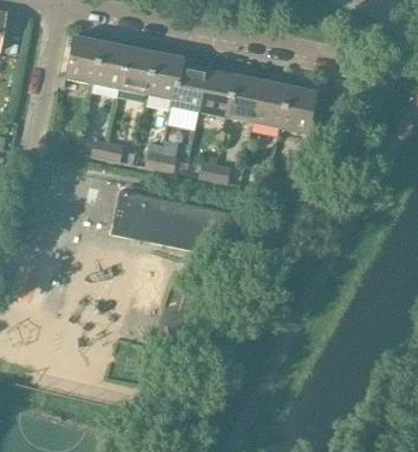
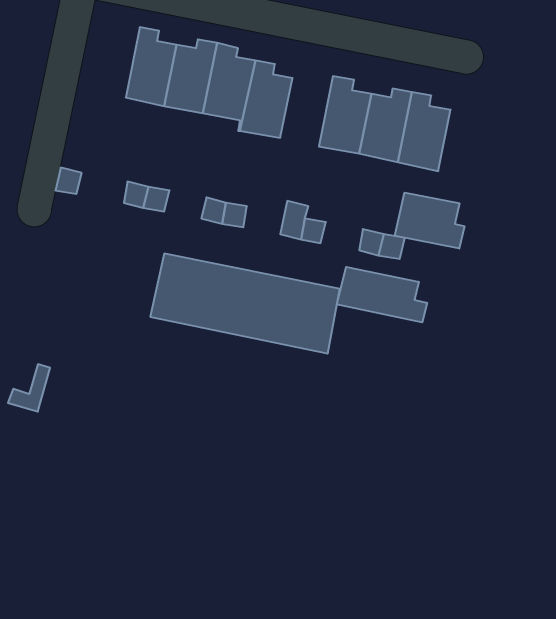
building: [62,32,101,83] -> none
building: [197,66,233,117] -> none
building: none -> [395,193,464,249]
building: none -> [337,267,427,322]

